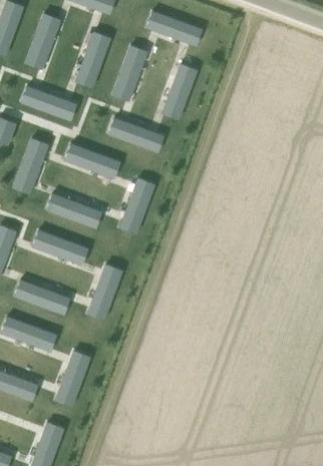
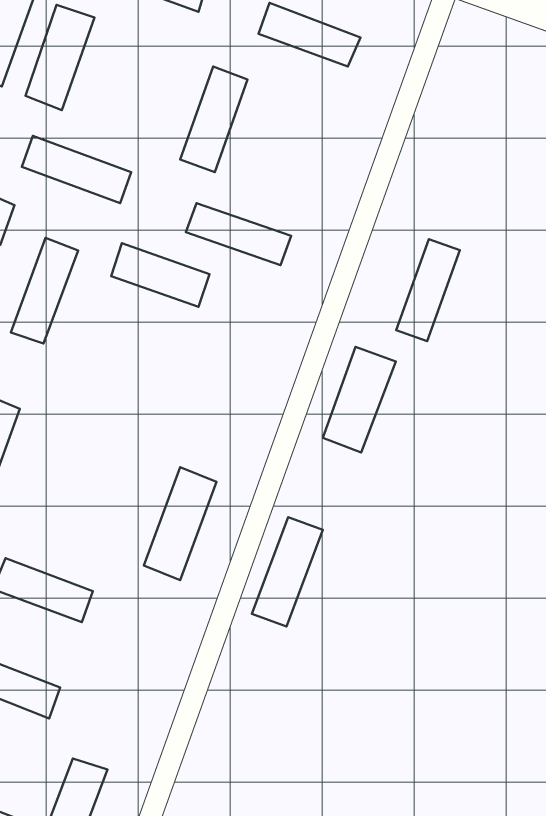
building: [74,33,111,91] -> none
building: [162,66,197,122] -> [396,239,460,341]
building: [117,178,157,237] -> [323,347,396,453]
building: [46,195,100,229] -> none
building: [34,228,88,264] -> none
building: [15,282,69,316] -> none
building: [52,353,91,413] -> [252,517,323,626]

